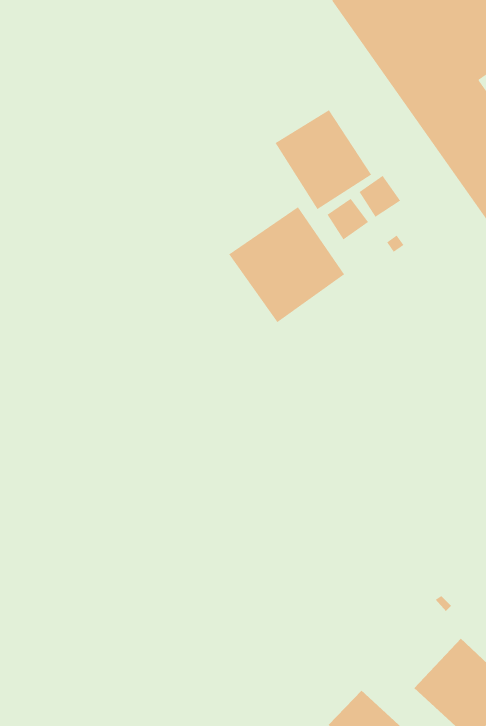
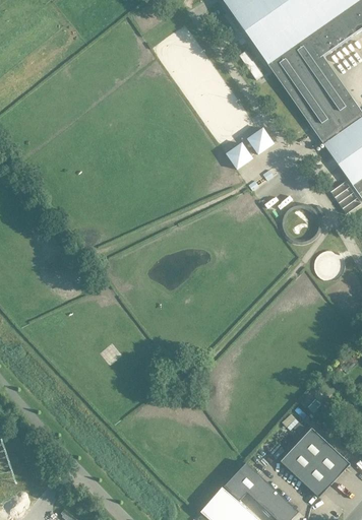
building: [274,109,372,210] -> none
building: [228,206,345,323] -> none

